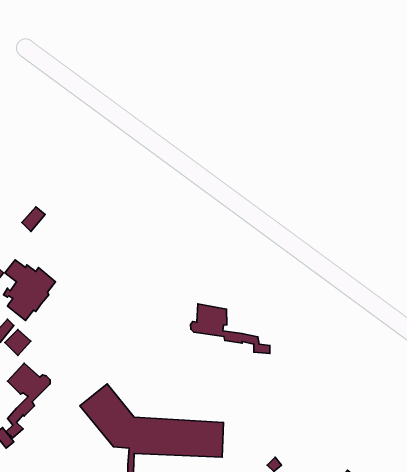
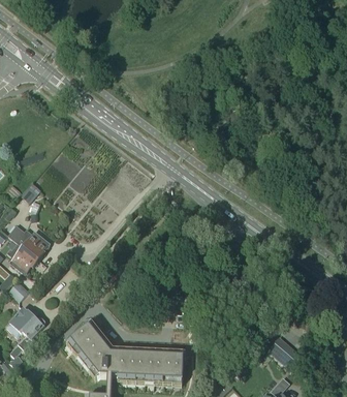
building: [191,304,270,354] -> none
building: none -> [267,335,302,367]

